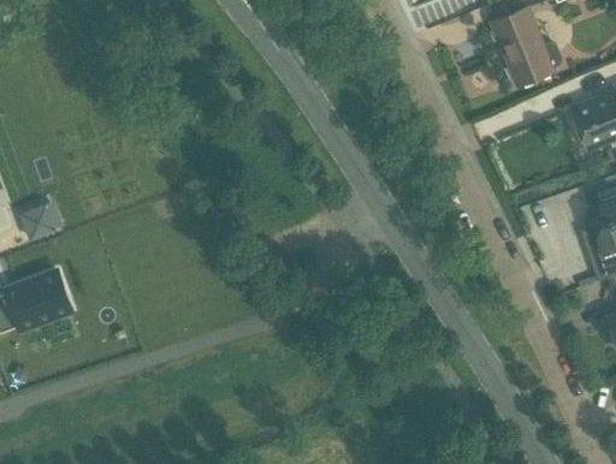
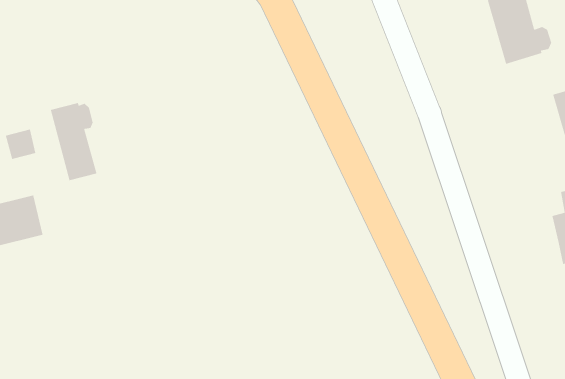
building: none -> [50,102,98,181]

